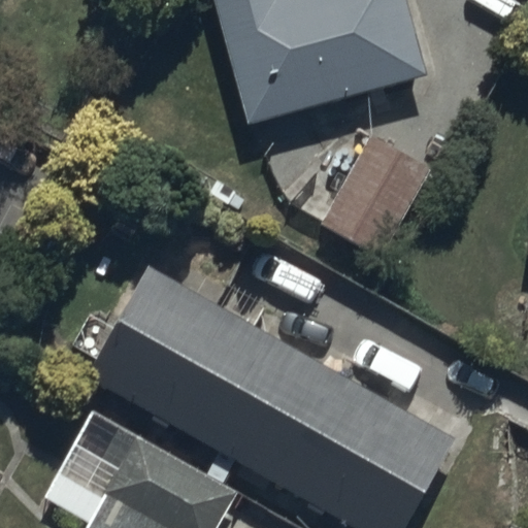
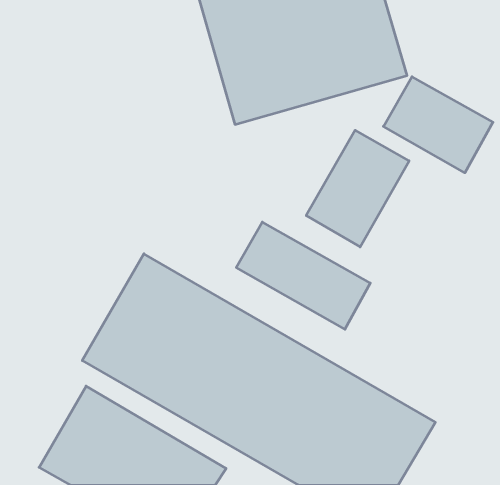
building: none -> [383,77,493,173]
building: none -> [236,222,370,329]

